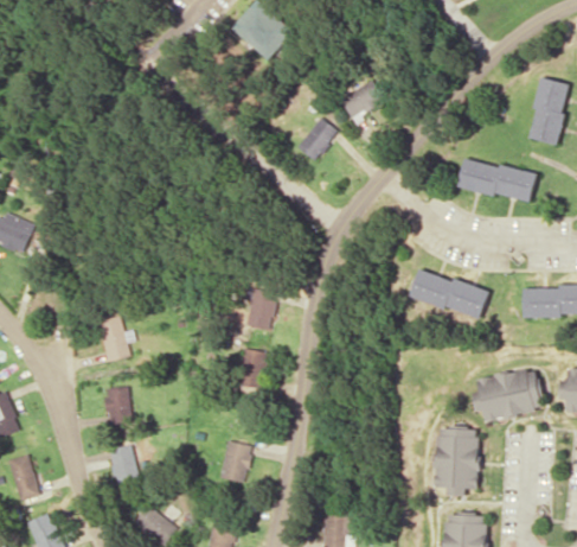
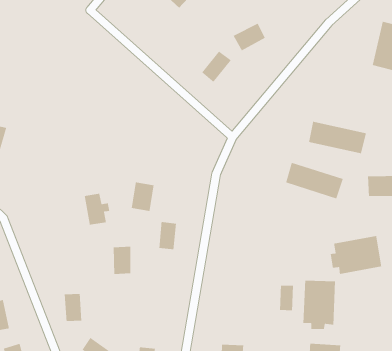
building: [457,158,537,203] -> [308,121,367,154]
building: [244,288,276,330] -> [131,181,154,212]
building: [98,317,134,361] -> [84,193,110,225]
building: [104,387,129,426] -> [113,246,131,275]
building: none -> [279,285,294,311]
building: [219,441,250,482] -> none

